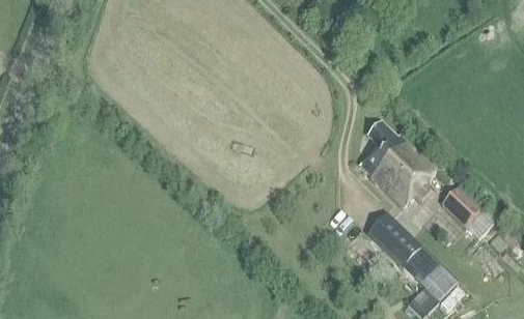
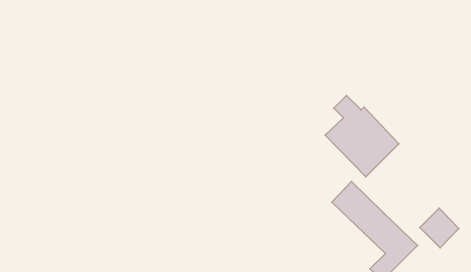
building: [441,184,482,227] -> [420,208,459,248]

